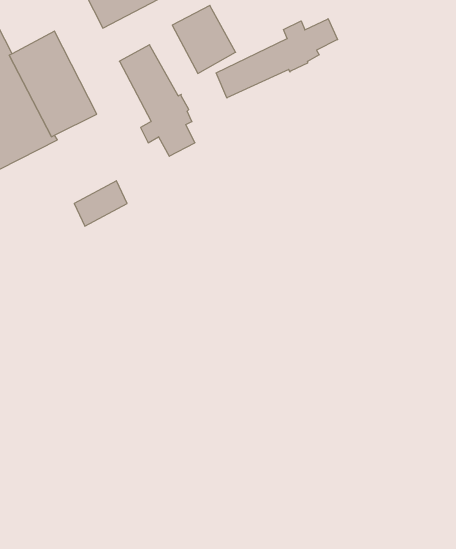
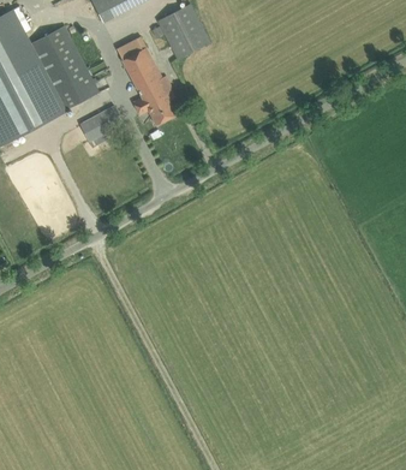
building: [216,19,338,98] -> none
building: [74,181,127,226] -> [80,106,123,142]

